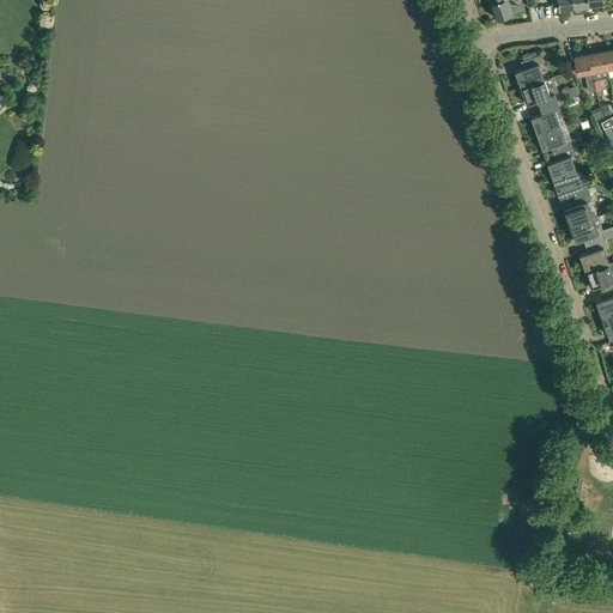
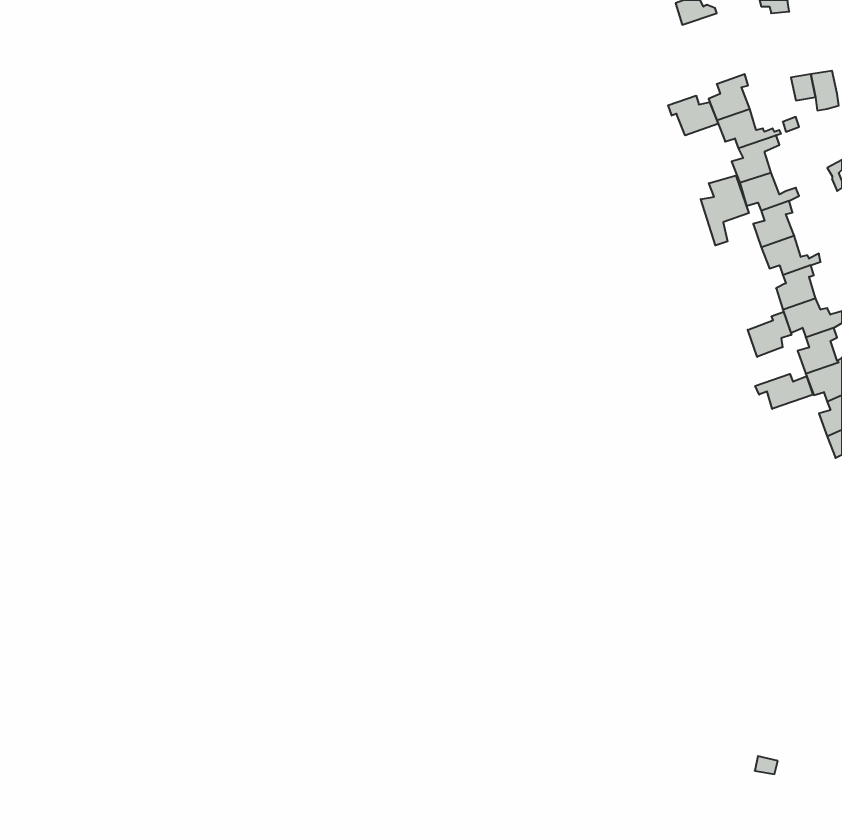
building: none -> [668,96,718,135]
building: none -> [701,176,749,245]
building: none -> [748,312,791,357]
building: none -> [755,374,813,409]

